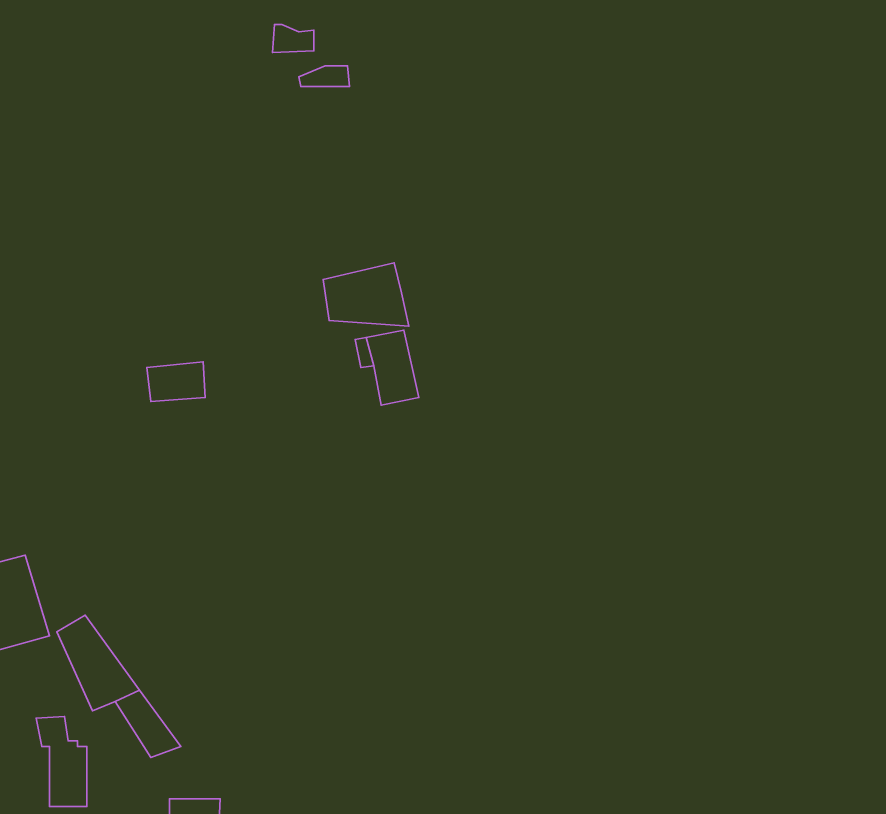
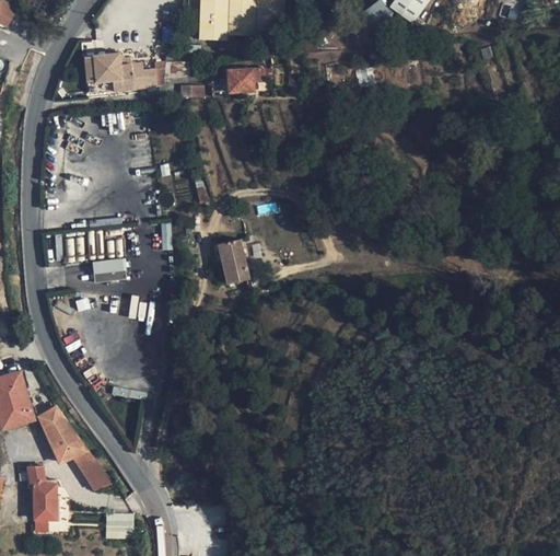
building: none -> [83,53,156,93]
building: none -> [229,68,270,92]
building: [323,263,409,326] -> none

